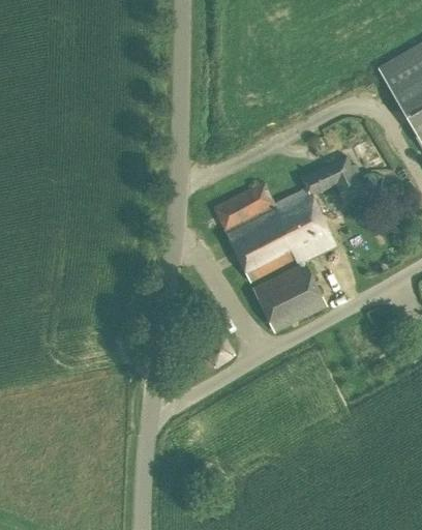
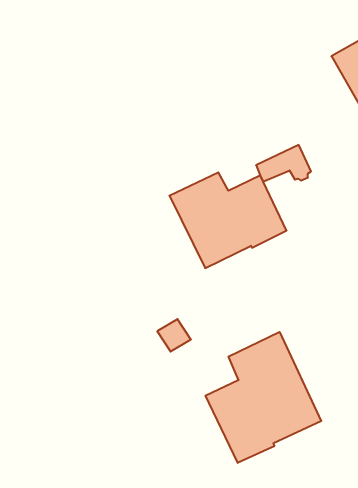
building: [252,262,327,332] -> none
building: none -> [206,332,321,463]

